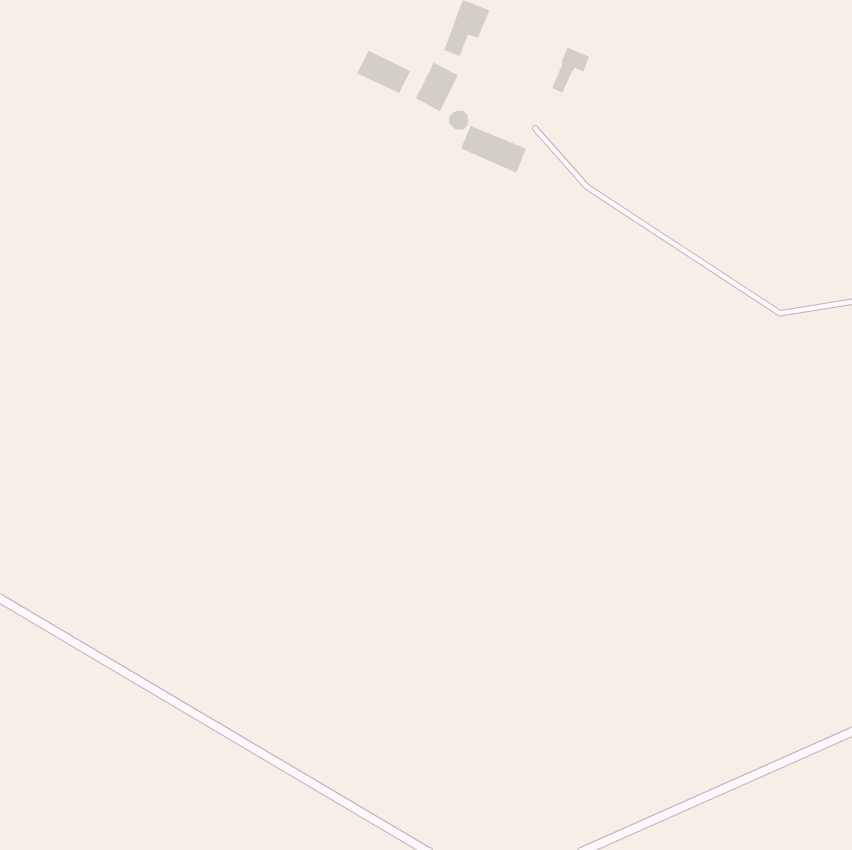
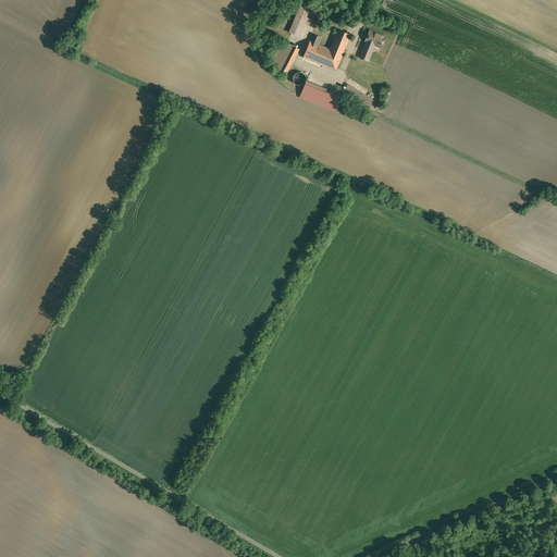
building: none -> [304,30,350,71]
building: [356,50,411,94] -> none

